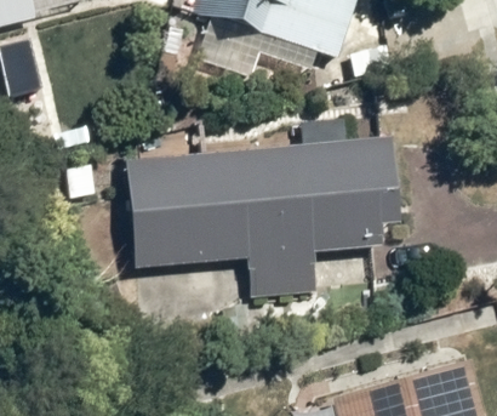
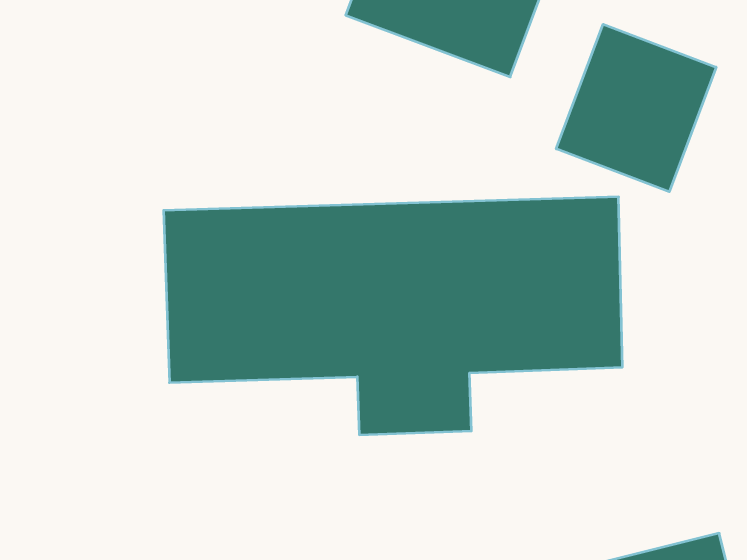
building: none -> [556,24,716,192]

